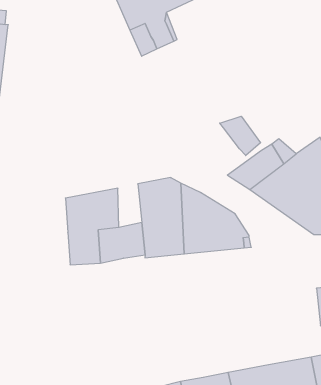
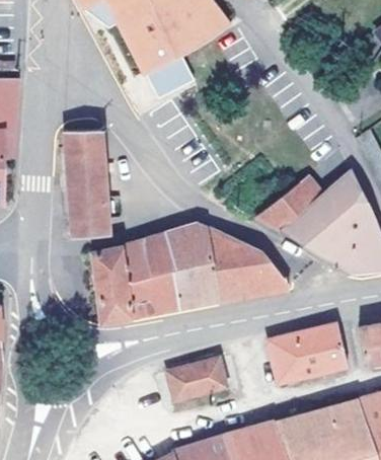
building: none -> [64,129,112,240]
building: [220,116,261,156] -> none
building: none -> [144,233,171,280]
building: none -> [268,324,348,383]
building: none -> [165,356,224,400]

